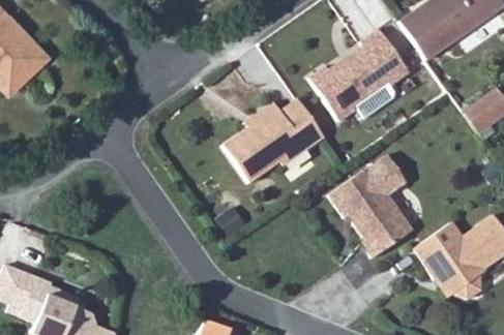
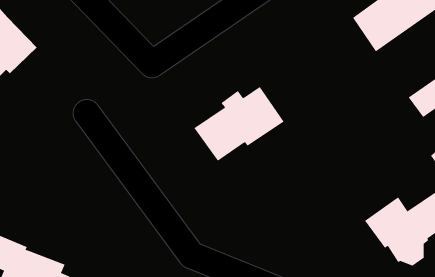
building: [308,29,409,121] -> none
building: [328,154,413,257] -> none

